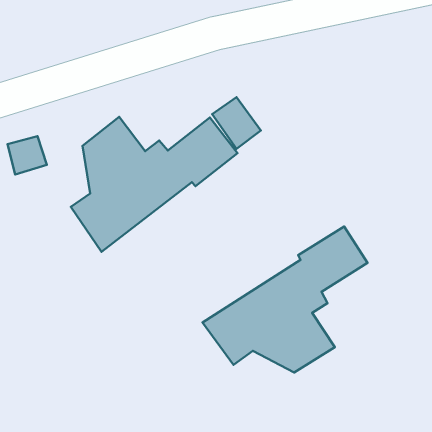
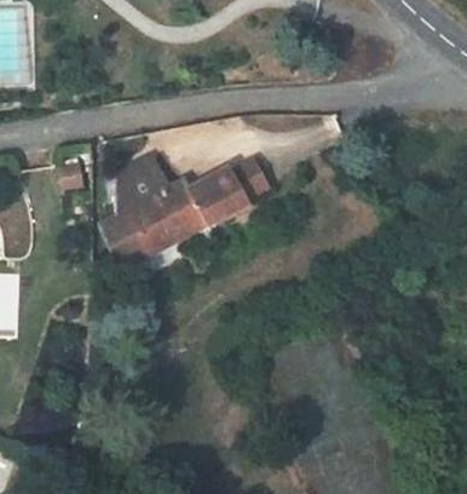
building: [203,226,367,373] -> none

